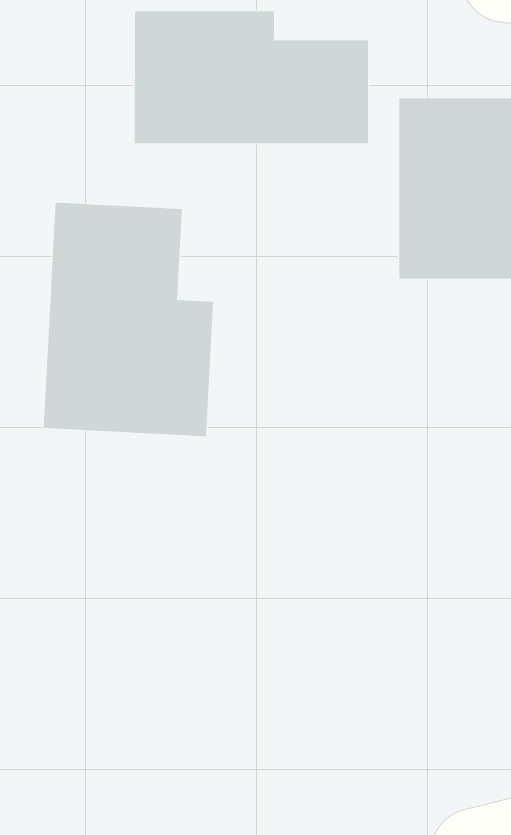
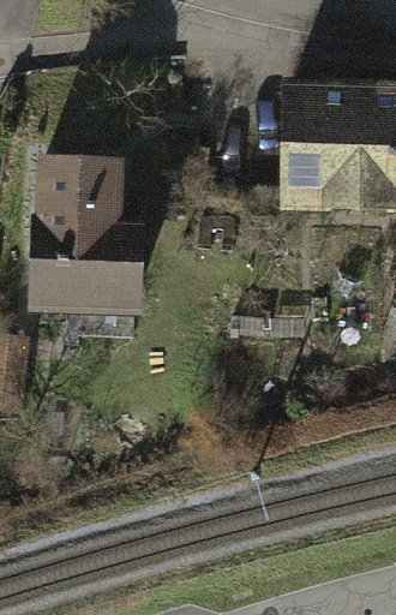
building: [134,10,368,144] -> none

